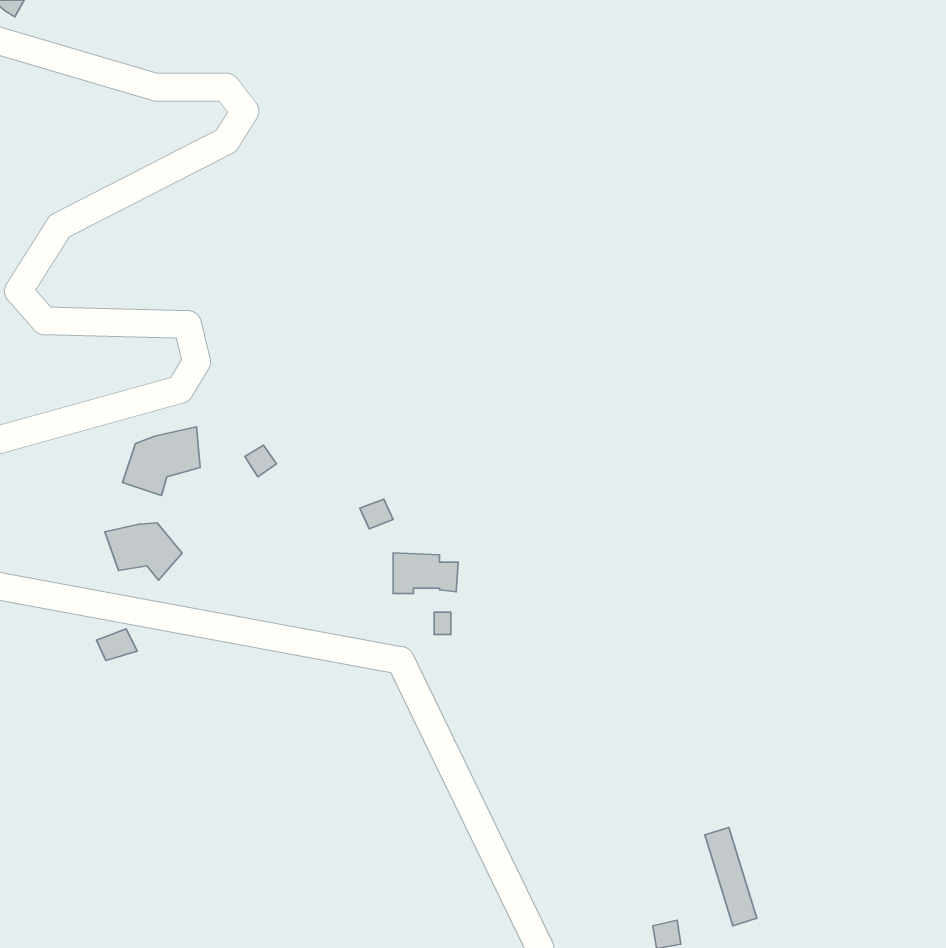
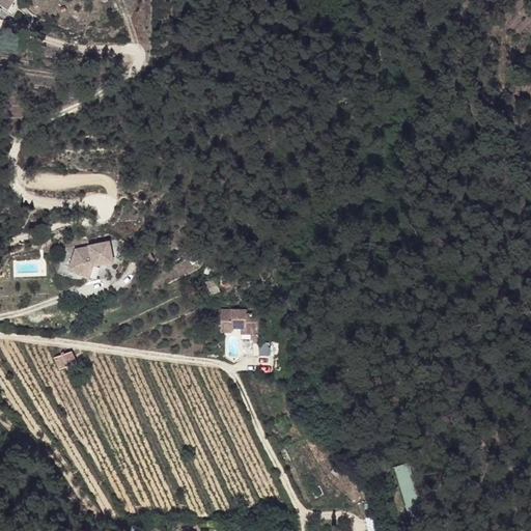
building: [105,523,182,580] -> none

